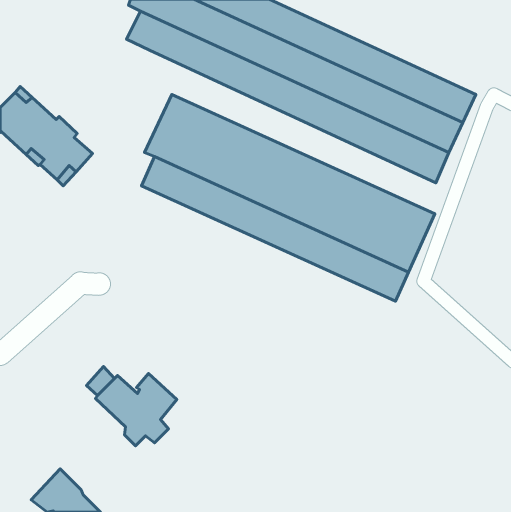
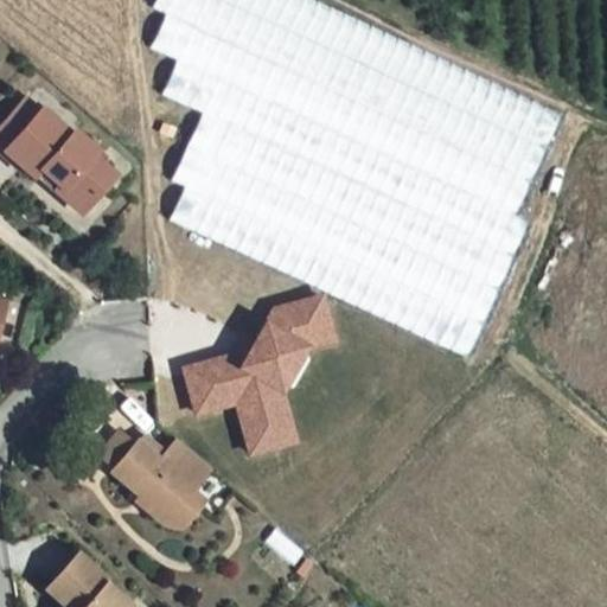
building: none -> [164,59,529,253]
building: none -> [183,292,338,456]

